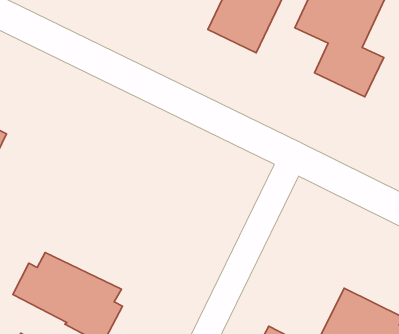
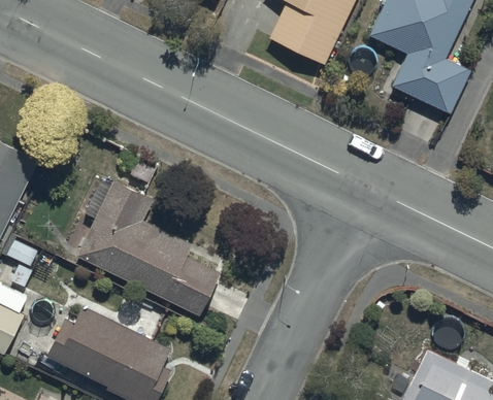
building: none -> [78,186,218,313]

